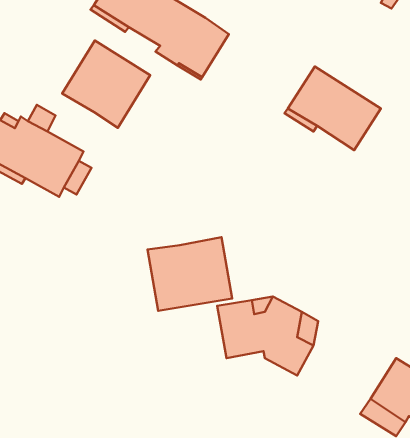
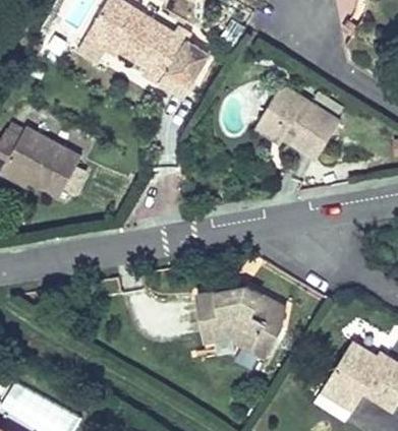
building: [62,41,150,128] -> none
building: [148,237,232,311] -> none

